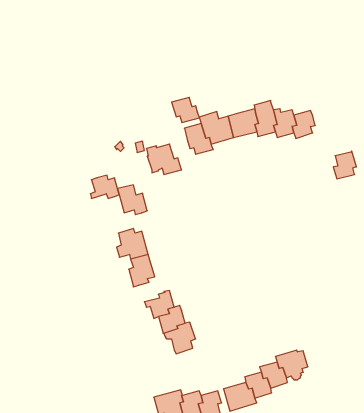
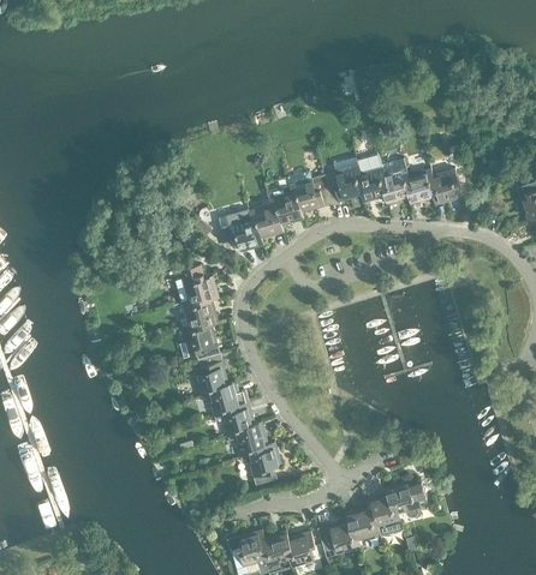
building: [172,97,199,122] -> [248,205,284,238]
building: [333,151,356,179] -> [430,168,460,204]
building: [90,175,119,198] -> [180,297,218,327]
building: none -> [208,381,248,417]

